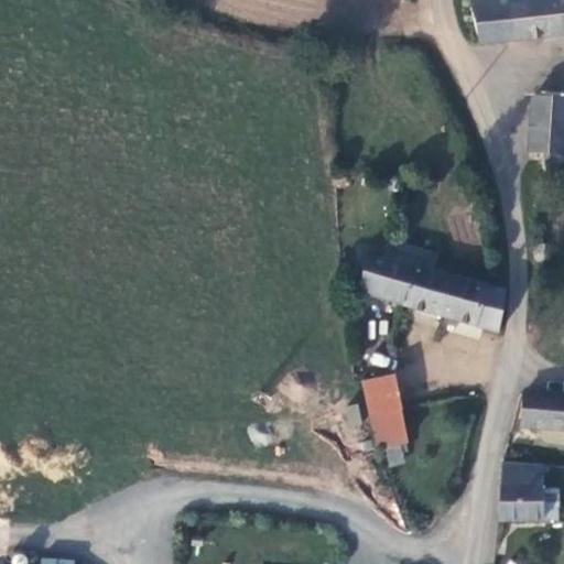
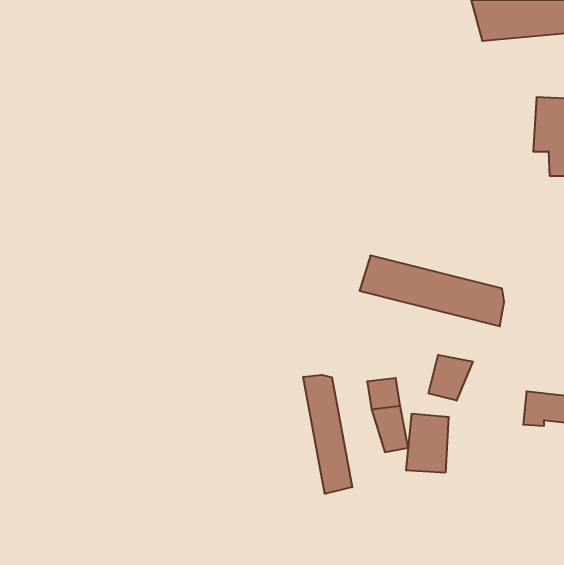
building: none -> [429,355,473,401]
building: none -> [303,375,352,494]
building: [502,463,545,521] -> [406,414,449,472]

